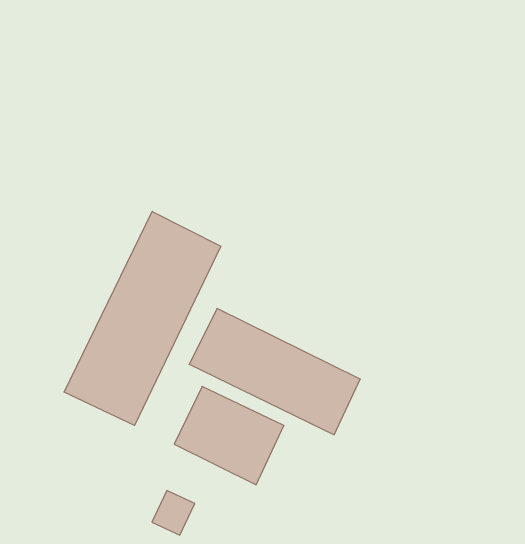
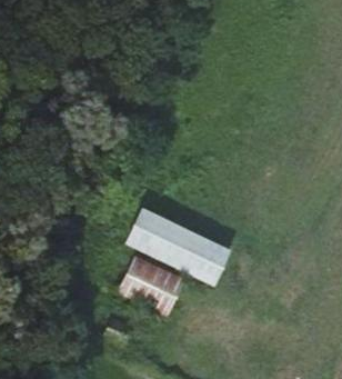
building: [64,211,221,425] -> none

